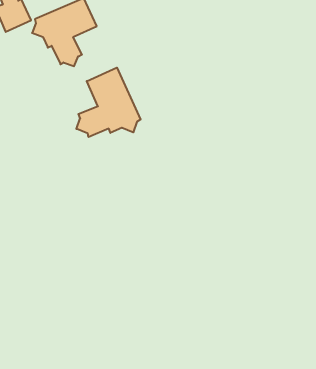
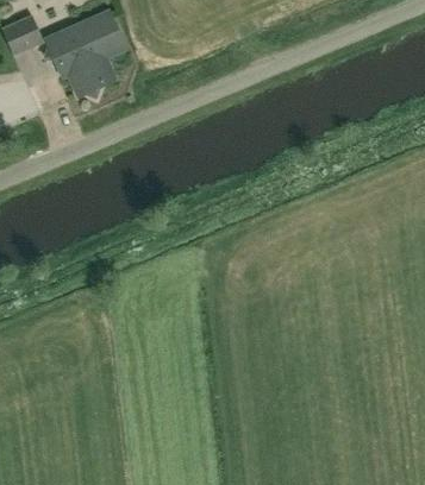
building: [76,68,141,137] -> none

